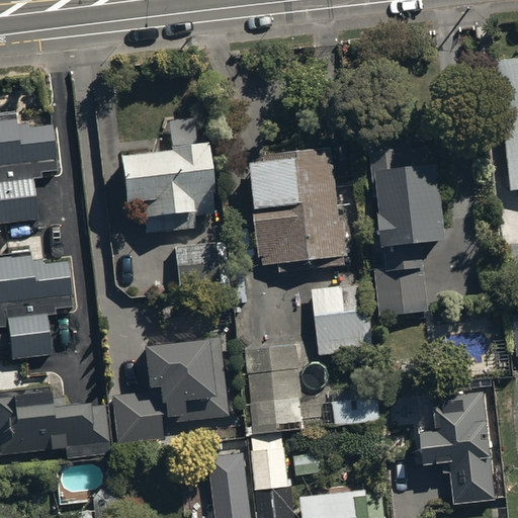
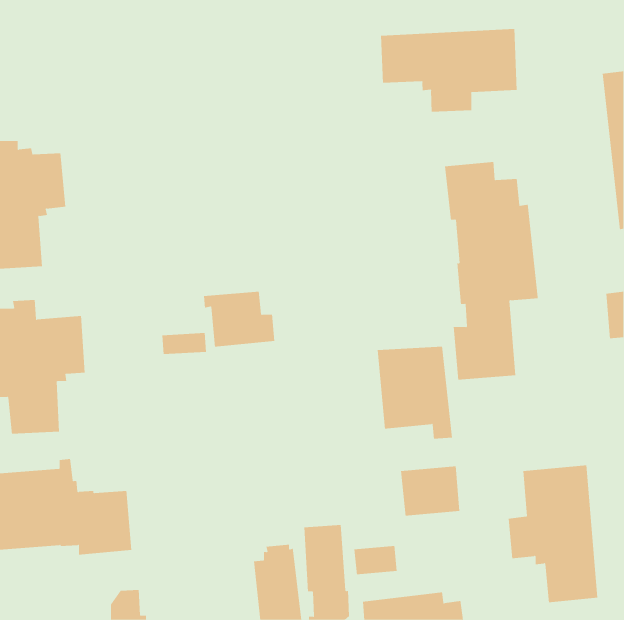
building: none -> [381,28,517,113]
building: [120,145,214,235] -> none
building: [250,149,342,273] -> none
building: [111,338,227,445] -> none
building: [245,341,304,432] -> none

